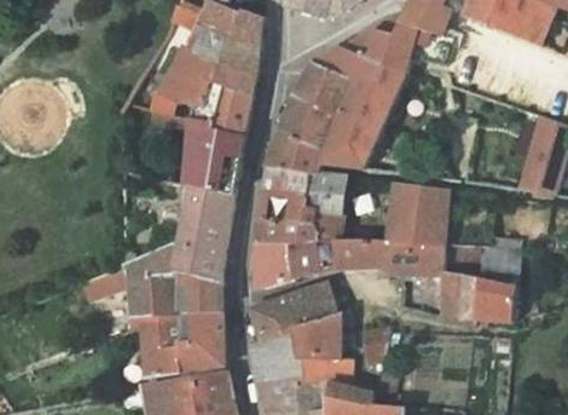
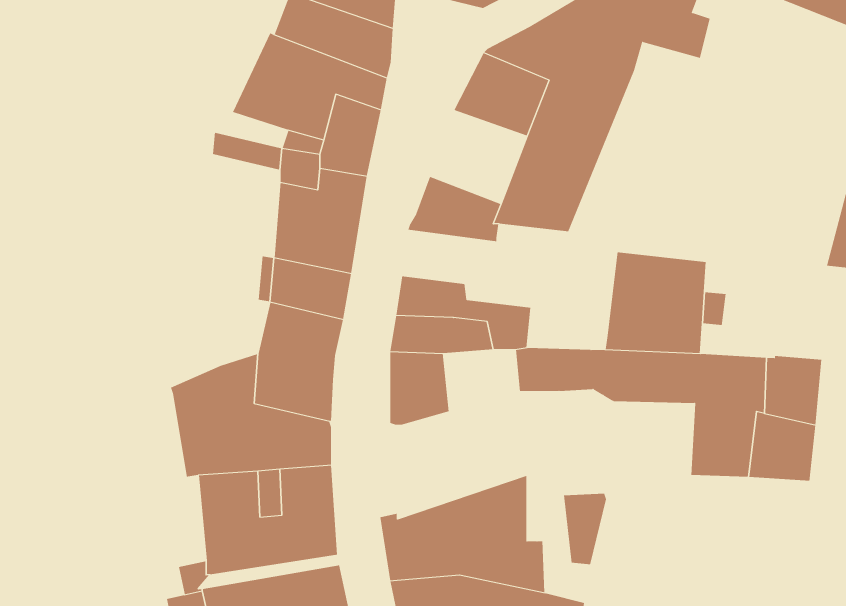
building: [279,96,338,152] -> none
building: [262,168,347,215] -> none
building: [288,241,334,278] -> none
building: [248,282,338,344] -> none

